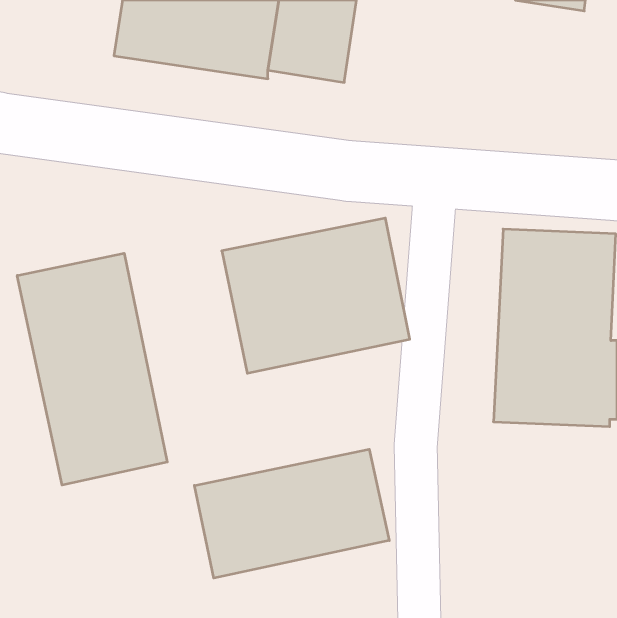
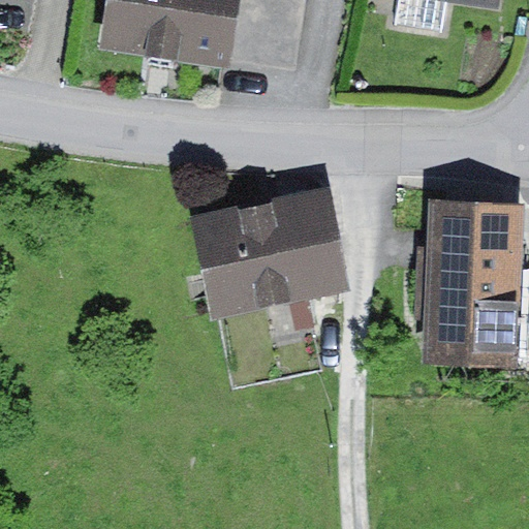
building: [17,253,167,485] -> none
building: [194,449,389,578] -> none

